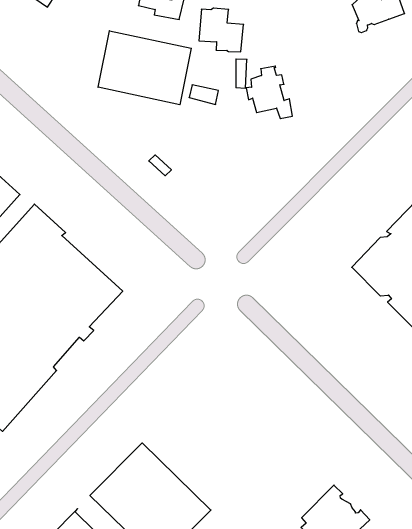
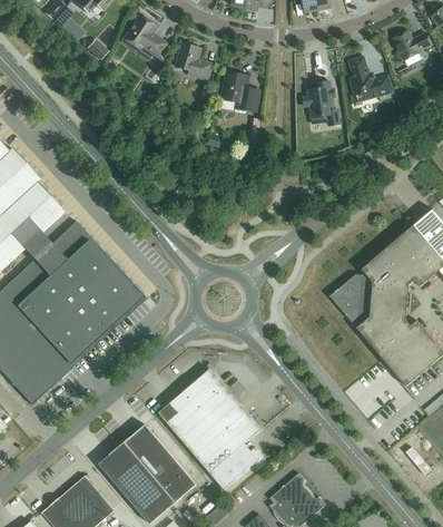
building: [98,31,191,105] -> none
building: [246,66,292,119] -> [303,81,338,125]
building: none -> [158,373,263,489]

